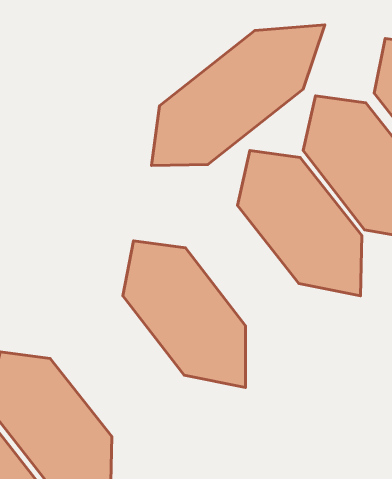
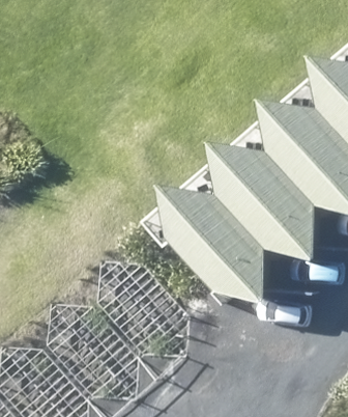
building: [152,25,325,166] -> none
building: none -> [60,262,153,372]

